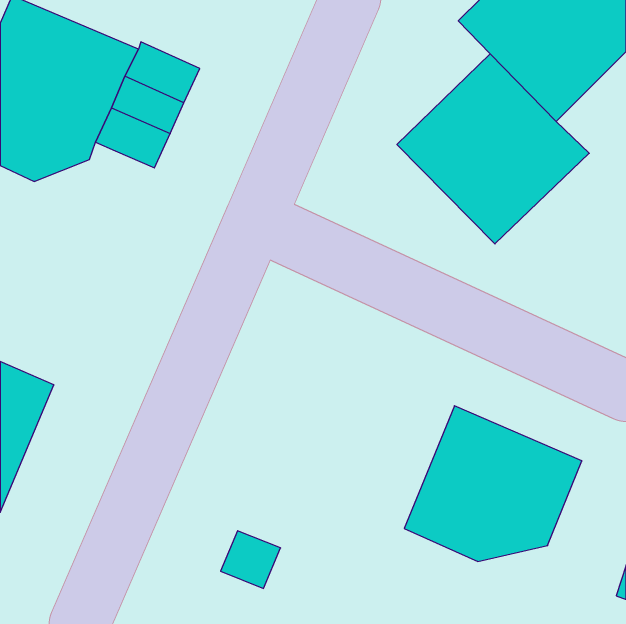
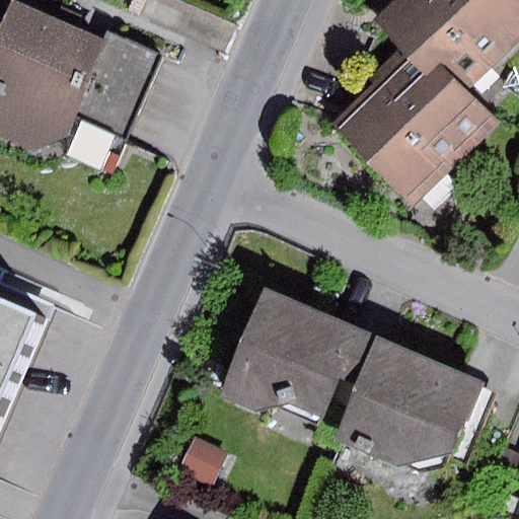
building: none -> [220,289,376,417]

